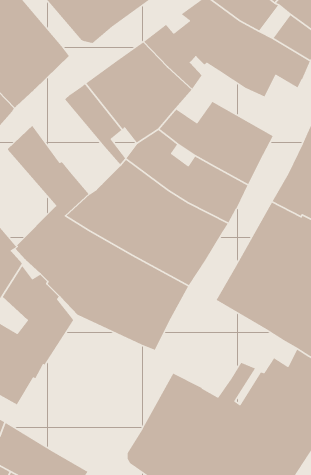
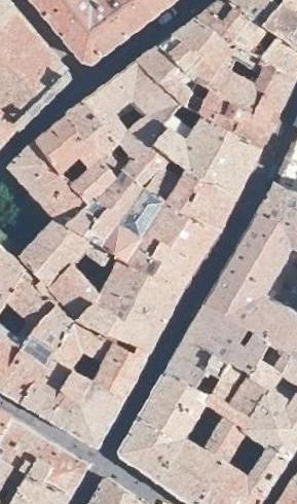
building: none -> [195,89,283,150]
building: none -> [34,116,116,205]
building: none -> [165,304,269,387]
building: none -> [20,323,149,448]

